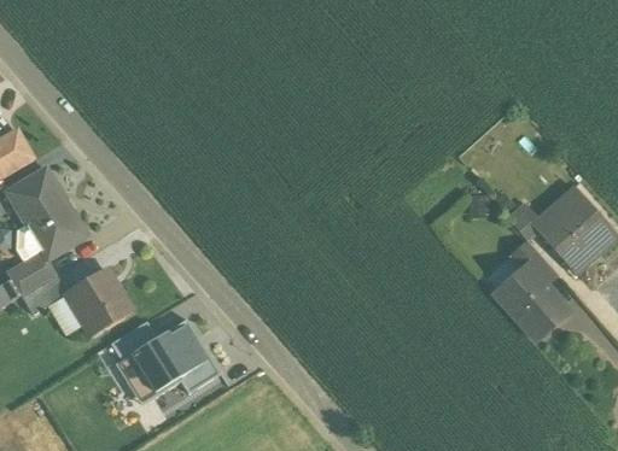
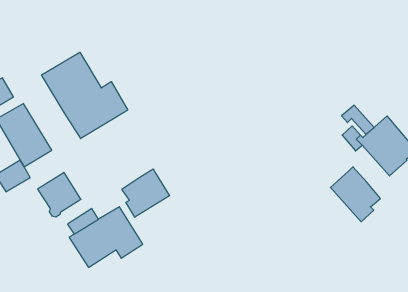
building: none -> [42,52,128,139]
building: [509,241,556,283] -> [342,105,374,134]
building: none -> [122,169,170,217]
building: [22,276,68,315] -> none

